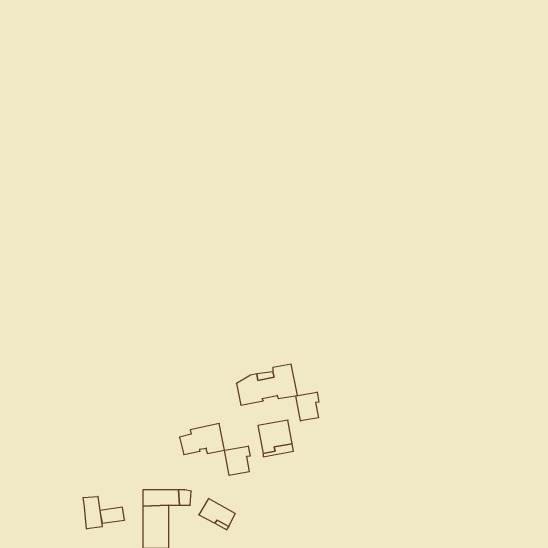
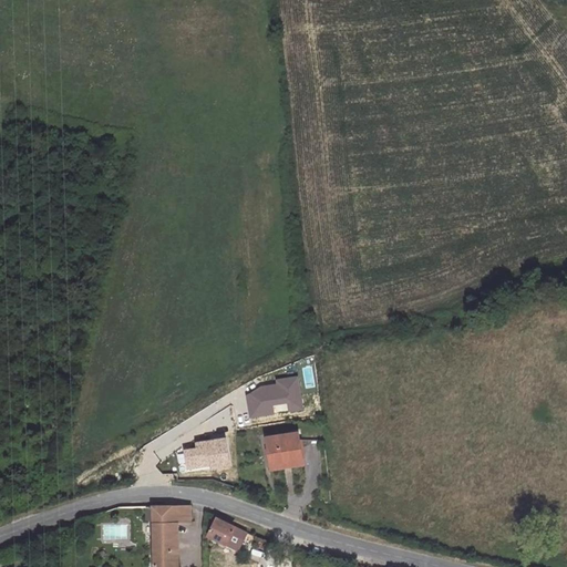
building: [296,392,319,421] -> none
building: [225,446,250,475] -> none
building: [83,496,102,529] -> none

